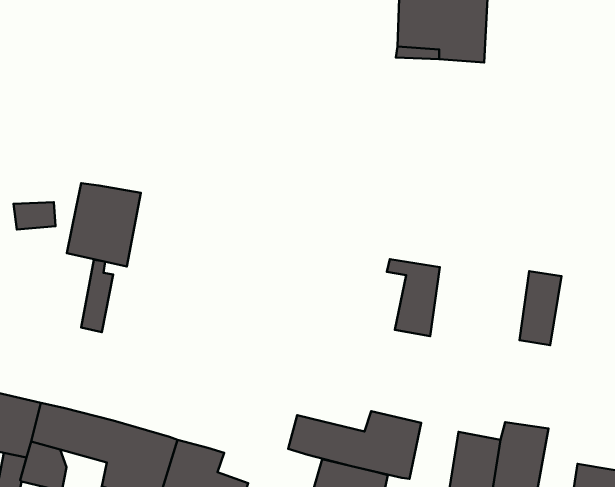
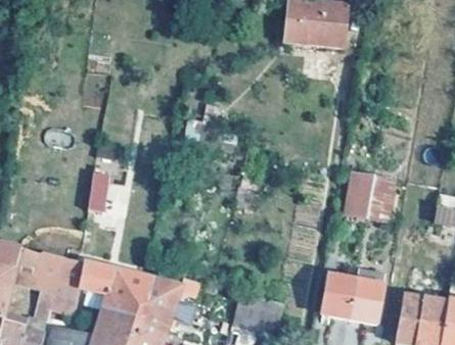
building: [67,183,141,266] -> none
building: [387,259,440,336] -> [339,167,373,216]
building: [288,411,421,479] -> none

